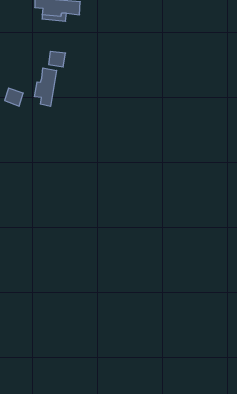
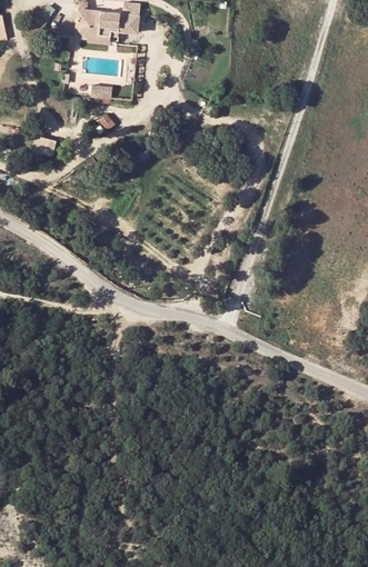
building: [35,68,57,106] -> none

